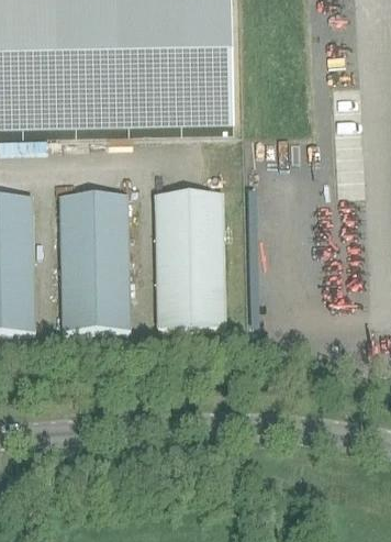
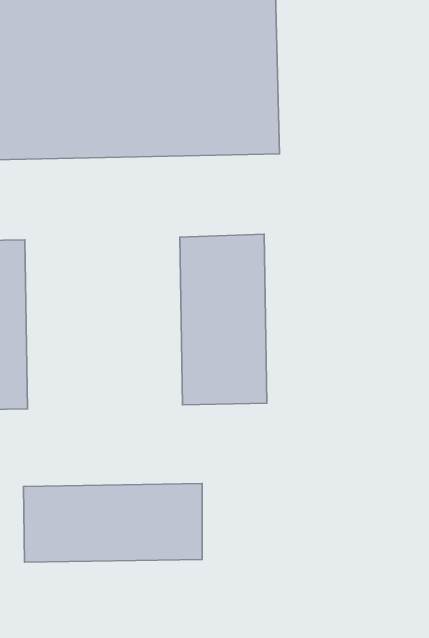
building: [59,192,130,328] -> none
building: none -> [23,484,202,562]

